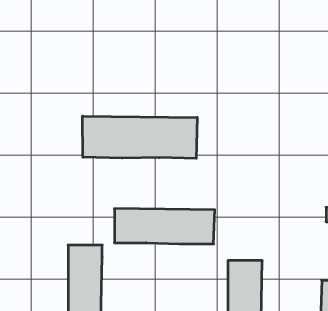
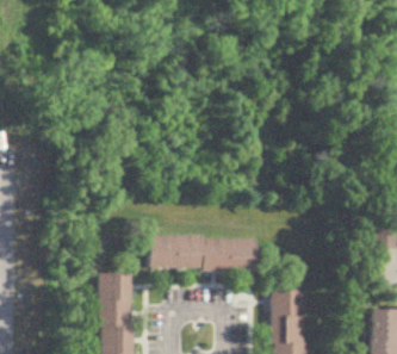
building: [83,116,197,158] -> none

